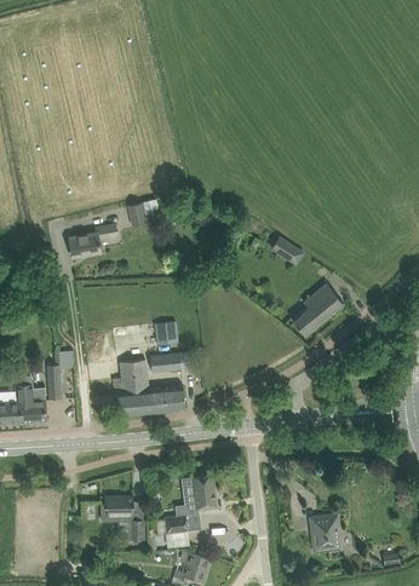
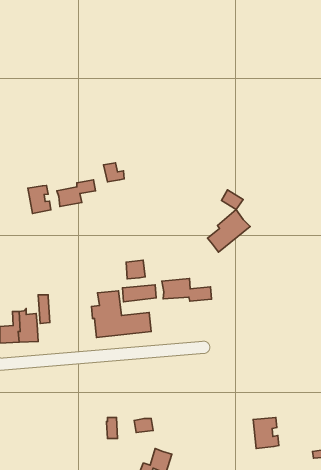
building: none -> [28,185,51,214]
building: [292,283,344,335] -> [208,210,250,252]
building: none -> [162,279,211,301]
building: [182,475,217,511] -> none
building: [102,495,133,521] -> none

